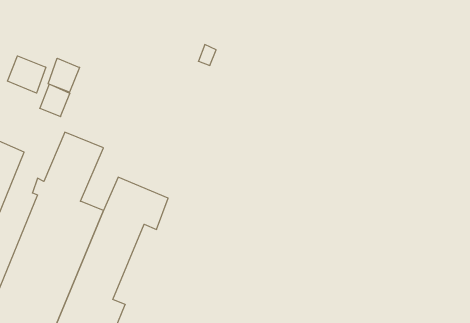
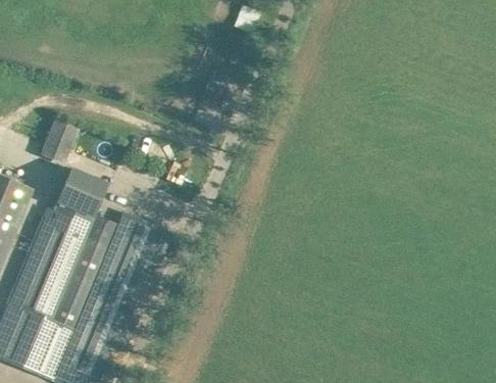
building: [7,56,46,93] -> none
building: [48,58,80,92] -> none

